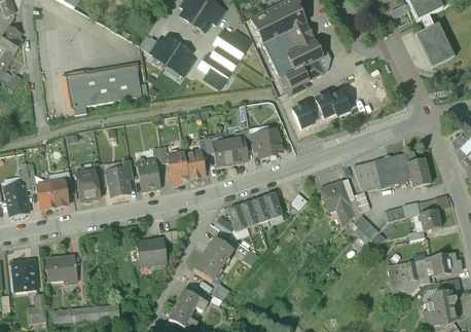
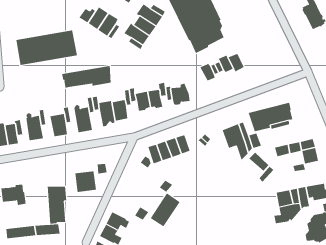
building: none -> [61,65,111,89]
building: [405,151,431,187] -> none
building: [194,237,232,281] -> [150,192,181,227]
building: none -> [47,186,67,224]

